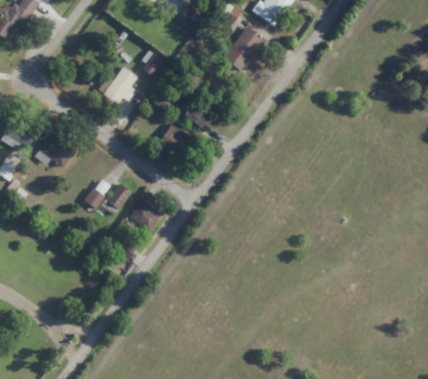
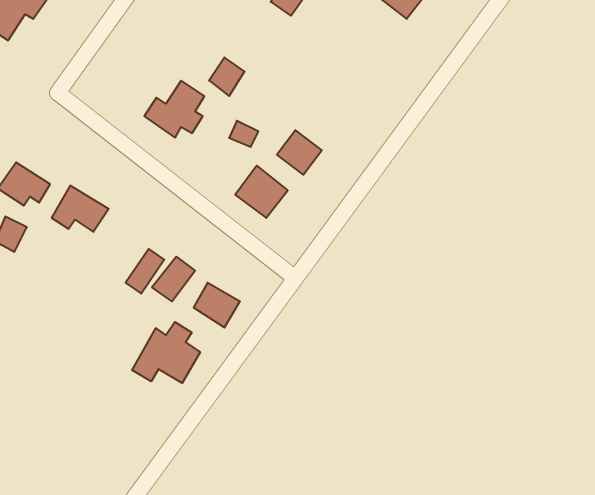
building: [226,26,264,69] -> none
building: none -> [132,322,200,383]

